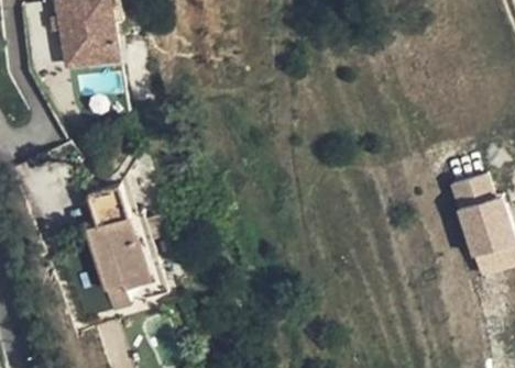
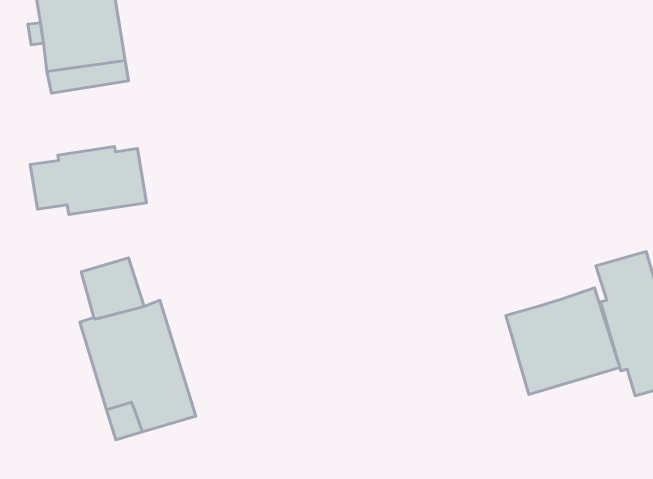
building: none -> [30,146,147,214]
building: none -> [506,288,620,395]

